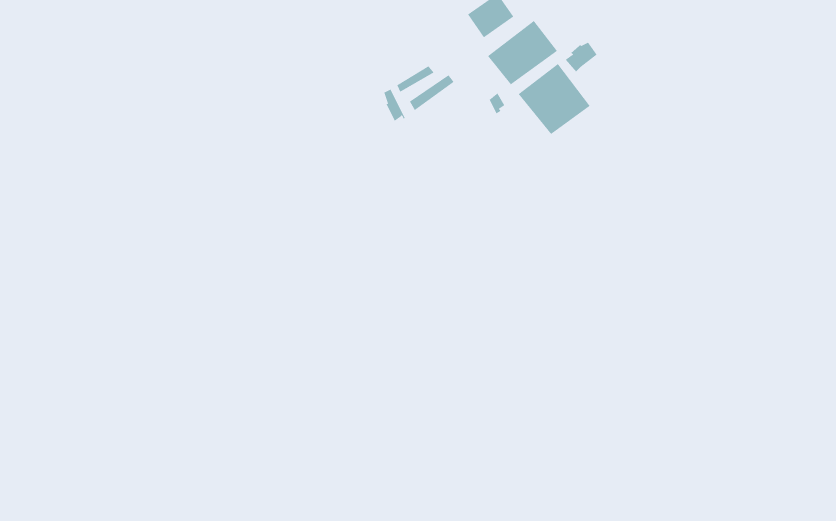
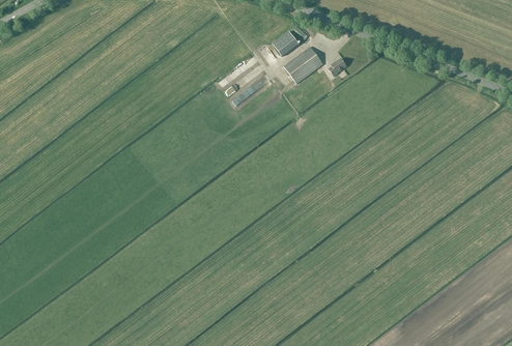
building: [518,63,590,135] -> none

